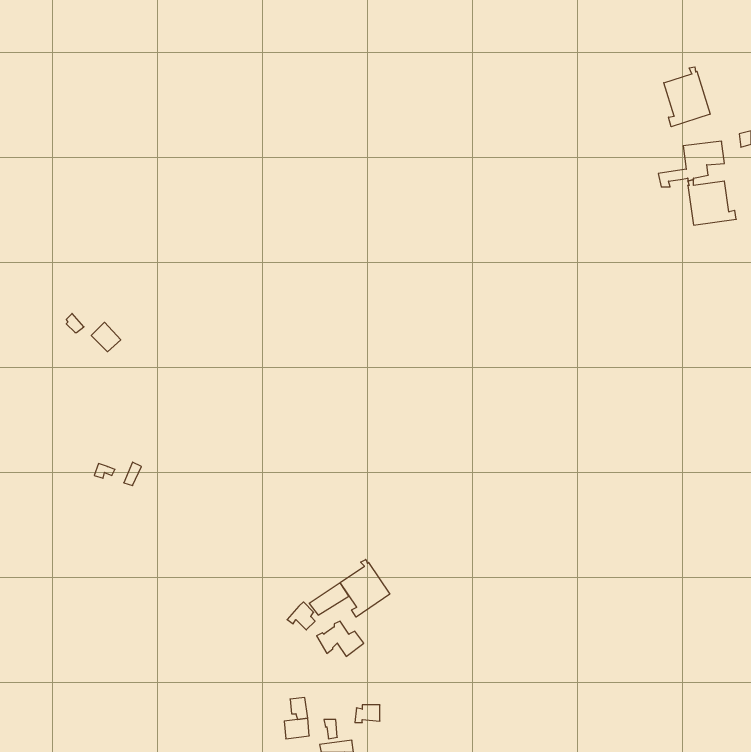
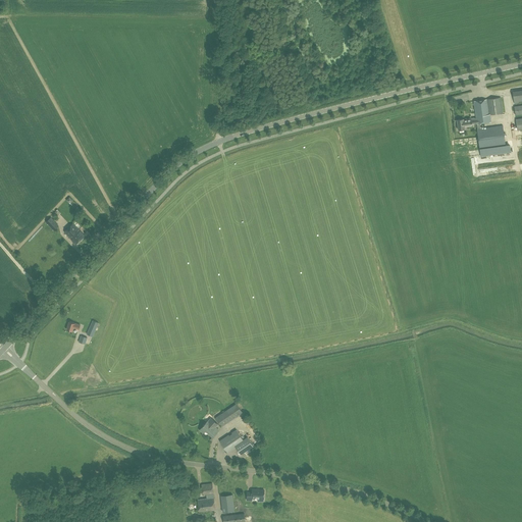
building: [664,67,710,127] -> none
building: [340,559,390,617] -> none

